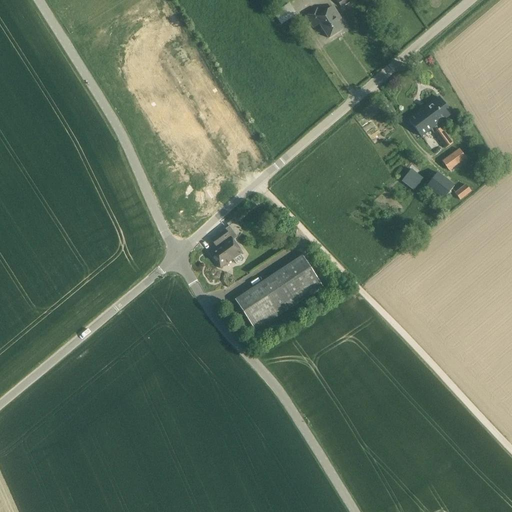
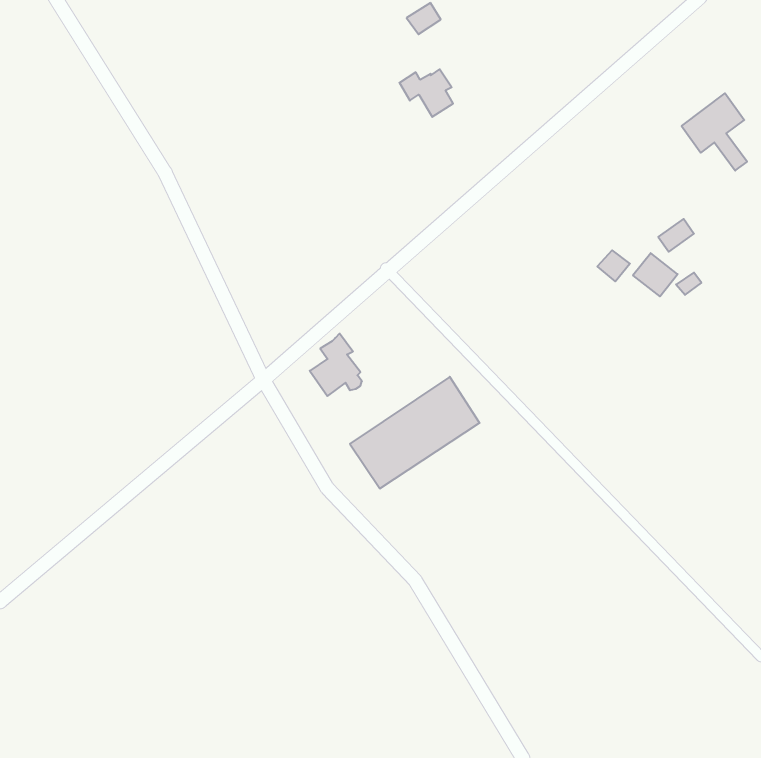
building: [306,5,342,37] -> [399,69,453,117]
building: [409,95,453,147] -> [682,93,747,171]

